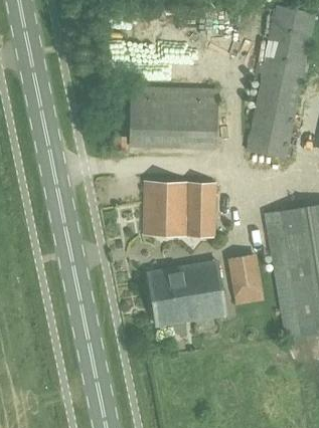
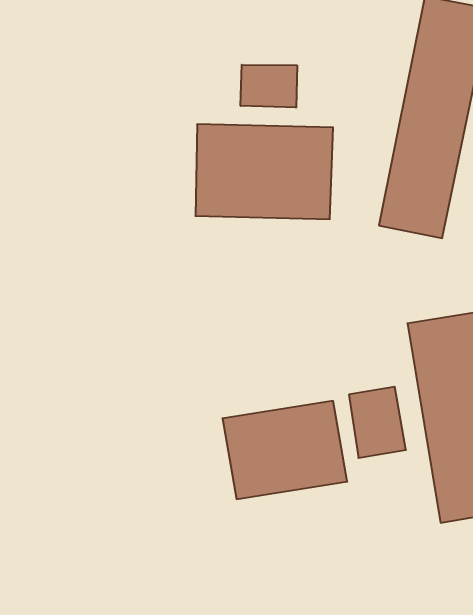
building: none -> [241,65,297,108]
building: [144,182,215,237] -> none

